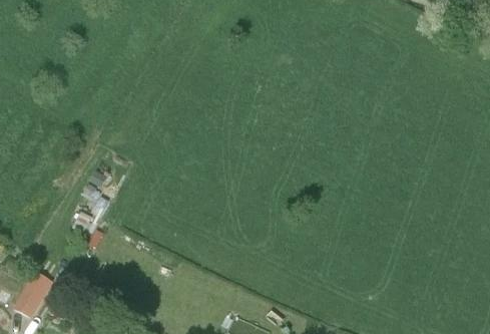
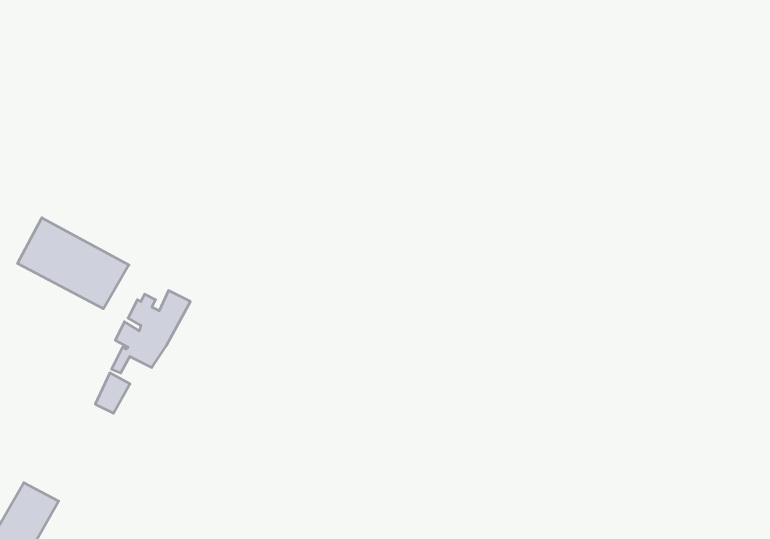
building: none -> [18,218,129,309]

